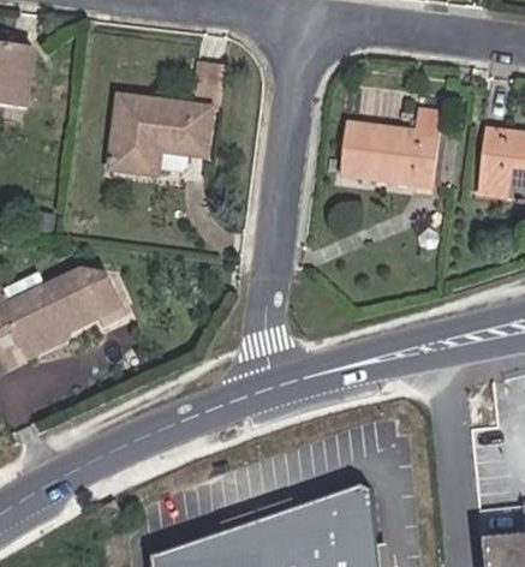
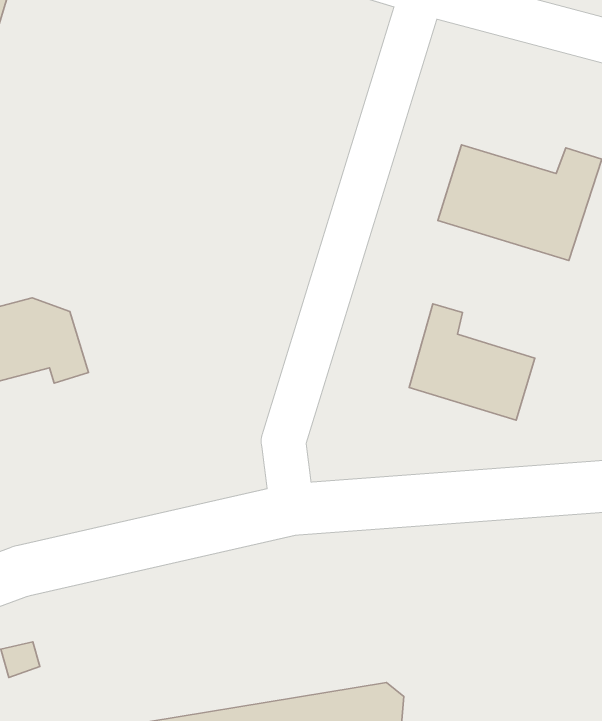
building: [109,65,222,175] -> none
building: none -> [409,304,535,420]

